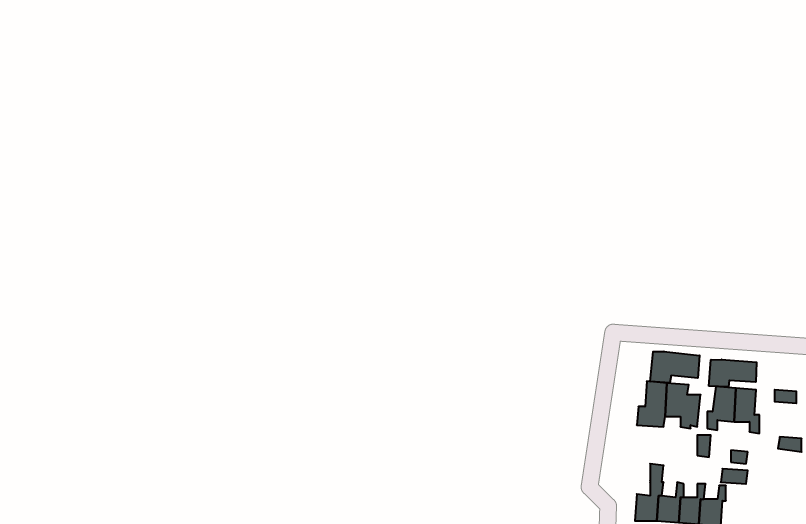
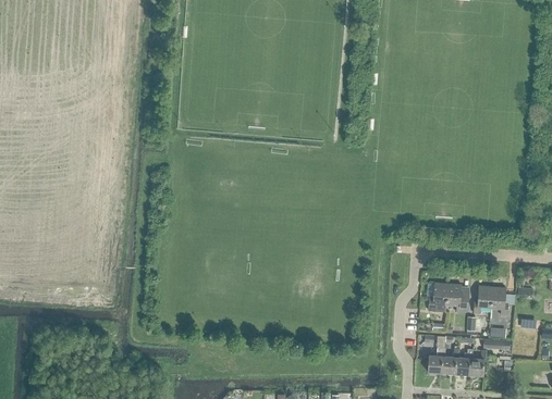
building: [650,351,700,383] -> none
building: [709,359,757,387] -> none

